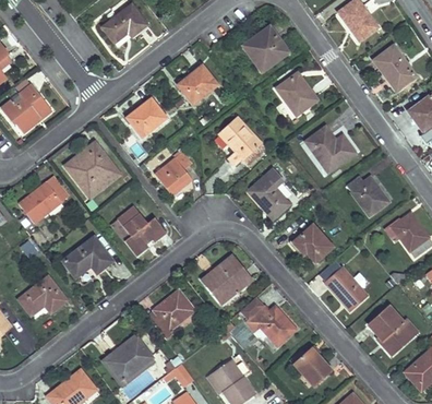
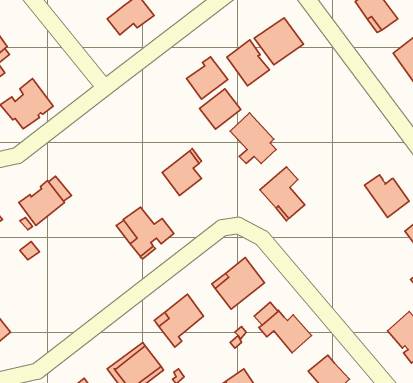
building: [276,72,316,116] -> [227,40,269,86]
building: [127,98,166,136] -> [199,89,241,129]
building: [307,127,356,173] -> none
building: [64,142,120,198] -> none
building: [293,225,333,262] -> none
building: [63,237,112,277] -> none
building: [325,266,368,311] -> none
building: [19,276,67,314] -> none

